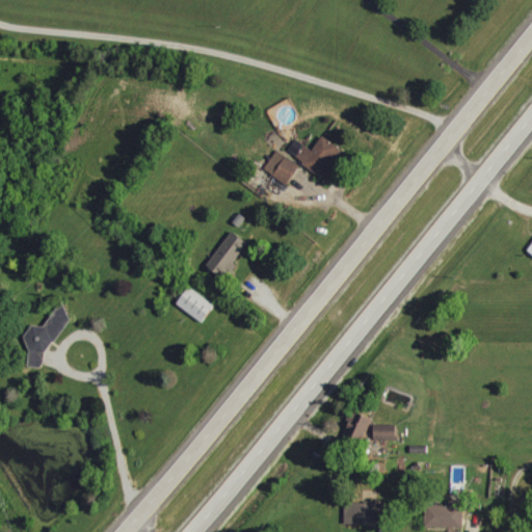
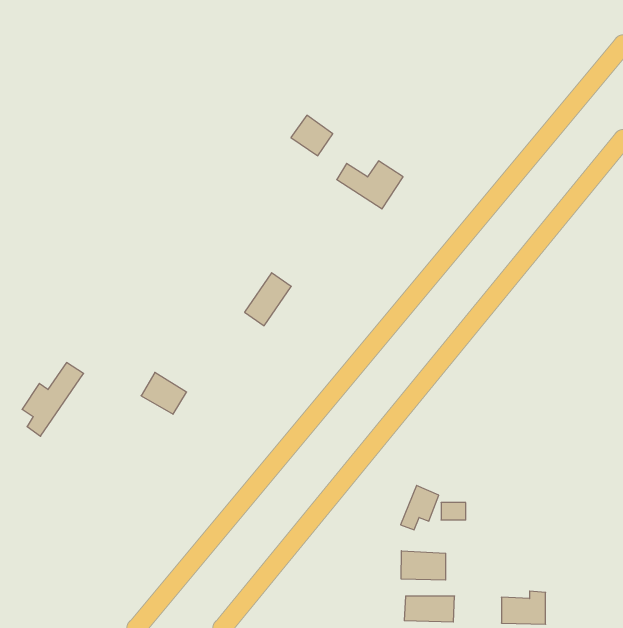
building: [262,150,297,184] -> [291,115,333,156]
building: [175,287,213,322] -> [141,372,187,414]
building: none -> [401,551,446,580]

